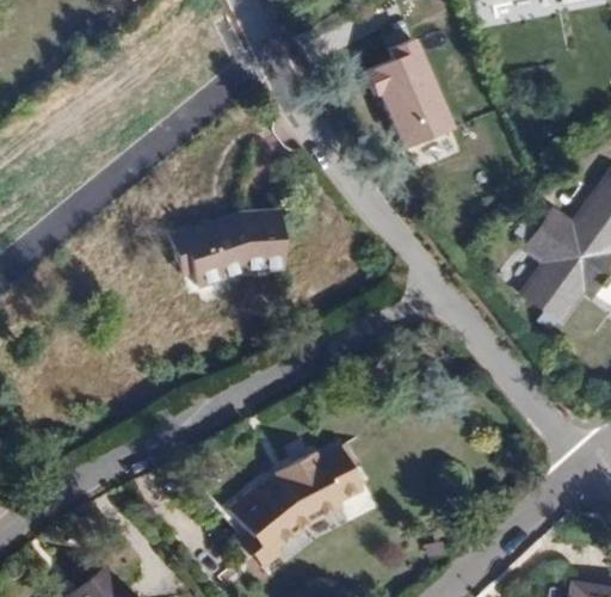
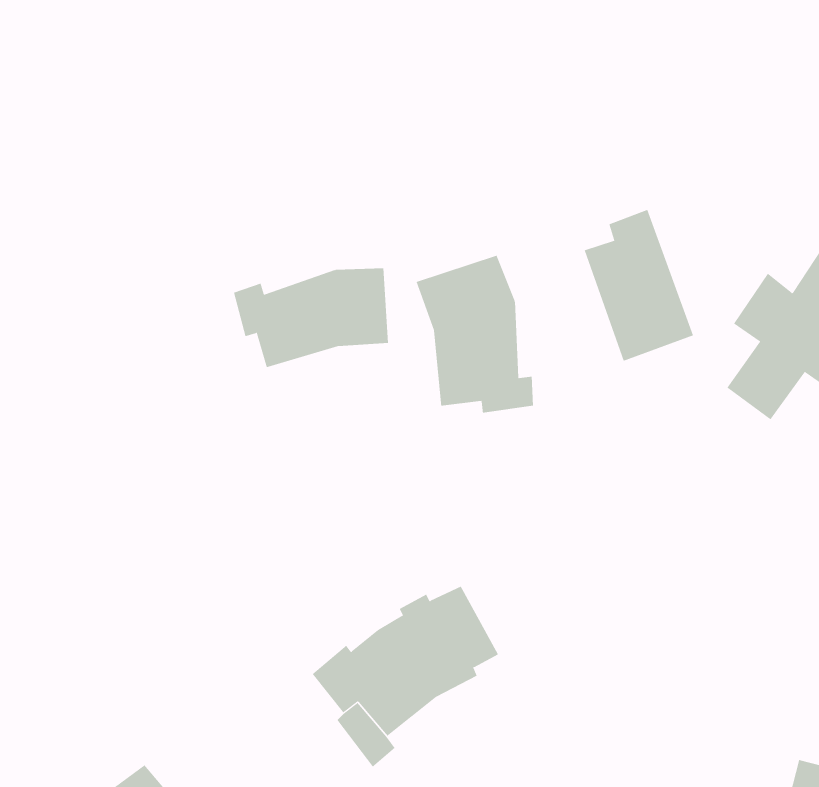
building: [369,37,449,148] -> [584,209,694,362]
building: none -> [416,255,533,414]

